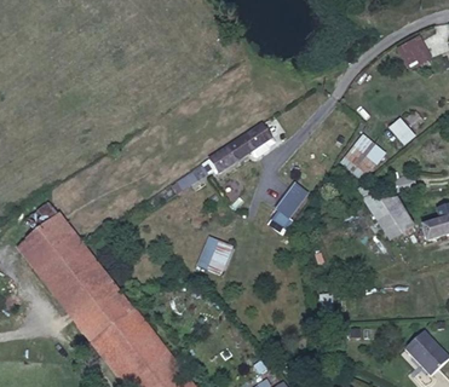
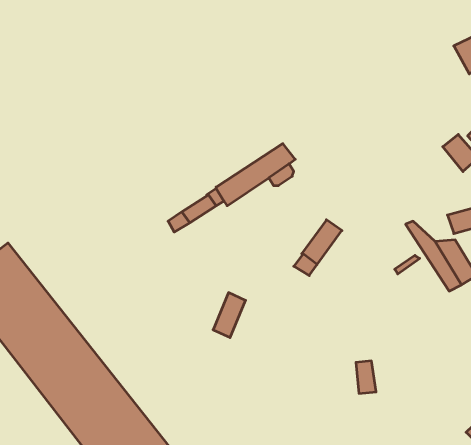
building: [341,135,384,179] -> none

